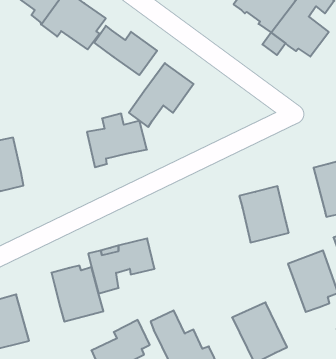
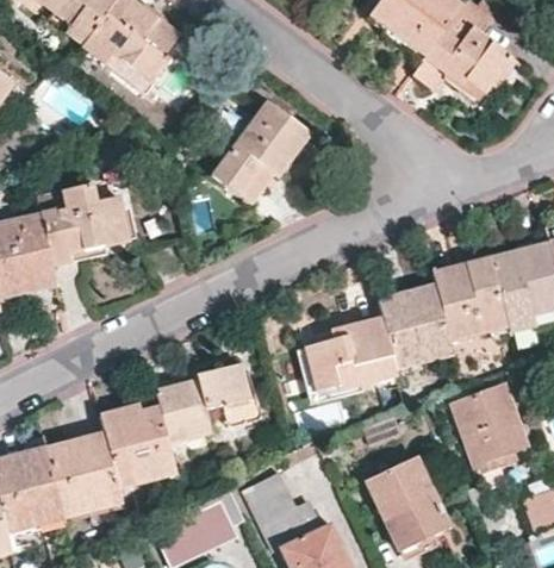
building: [94,26,157,75] -> none
building: [87,114,147,167] -> [41,187,130,267]
building: none -> [431,260,506,341]
building: none -> [303,319,397,393]
building: none -> [45,433,122,517]

